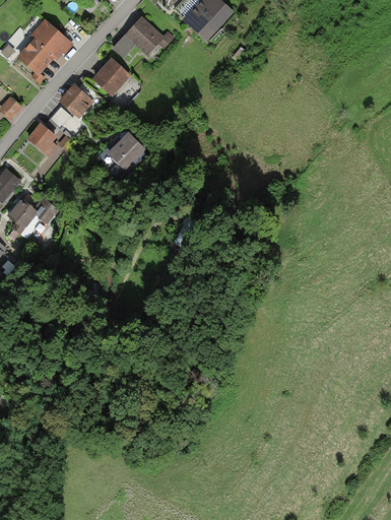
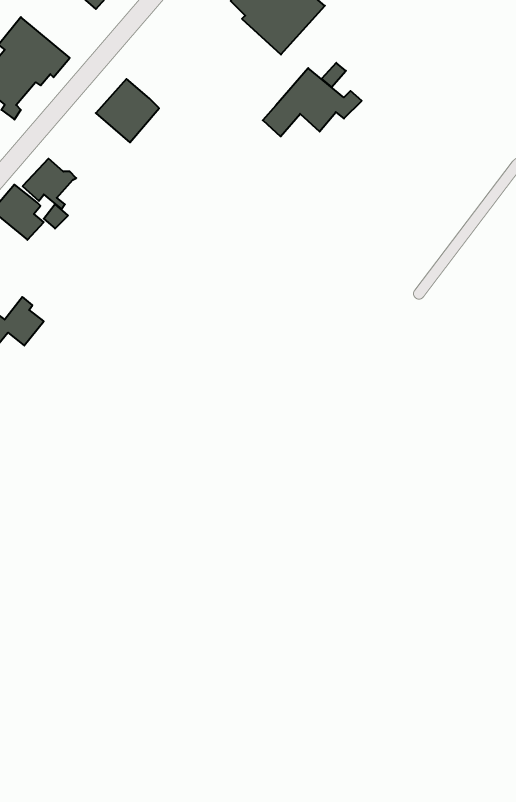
building: [112,16,174,59] -> [263,68,362,136]
building: [58,83,93,119] -> none
building: [107,132,144,170] -> none

